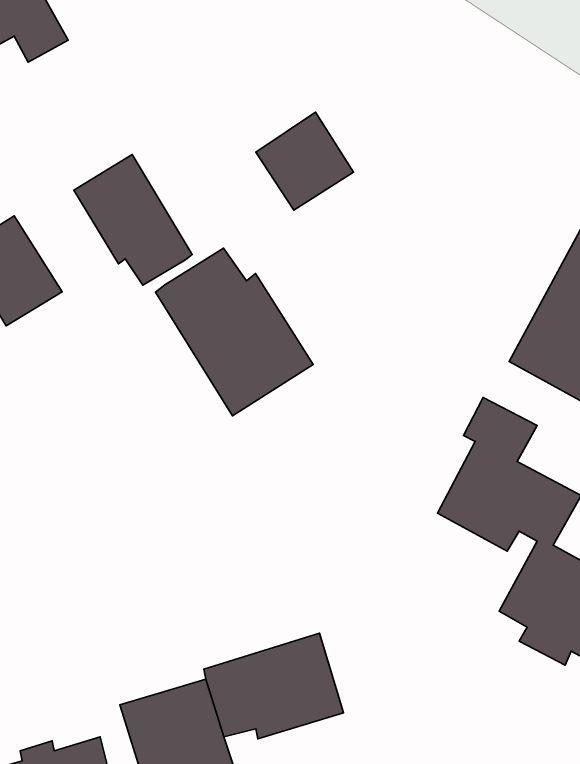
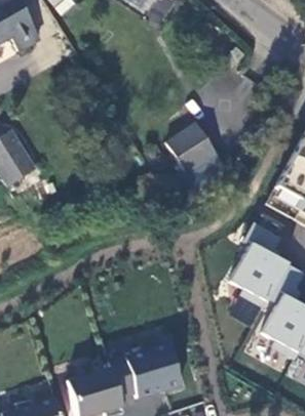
building: [256,112,354,210] -> [166,124,217,174]
building: [74,154,192,285] -> none
building: [156,248,313,416] -> none

